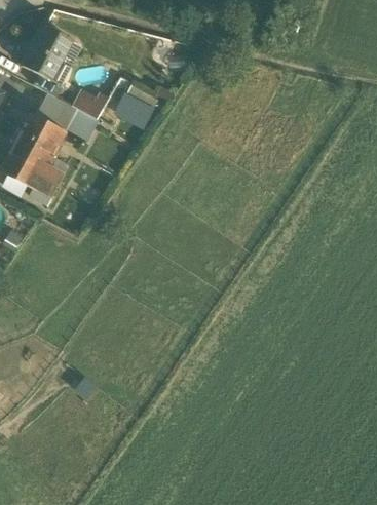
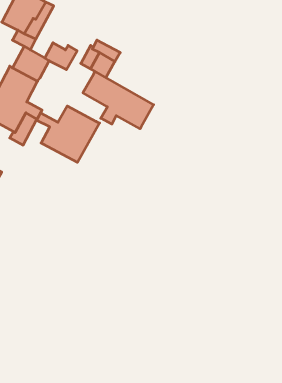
building: [66,108,97,139] -> none
building: none -> [83,71,154,129]
building: none -> [37,106,100,162]

